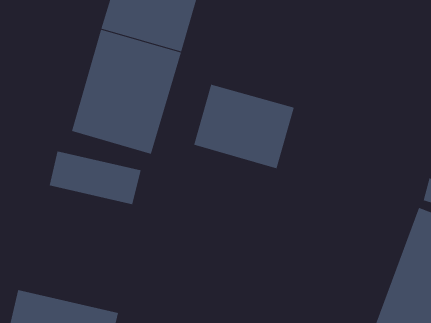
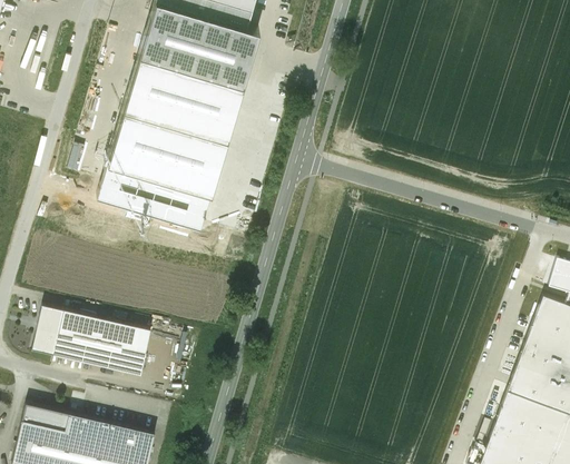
building: [193,84,295,169] -> none
building: [49,151,142,205] -> [32,305,151,374]

